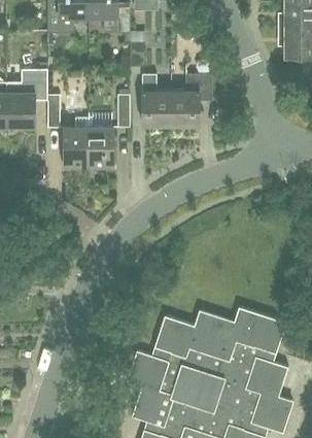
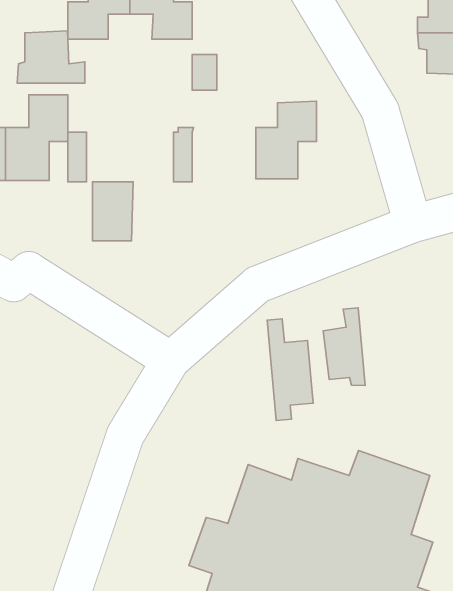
building: none -> [17,31,85,83]
building: [142,73,171,125] -> none
building: [89,127,112,166] -> none
building: none -> [323,308,365,385]
building: none -> [267,319,313,420]

